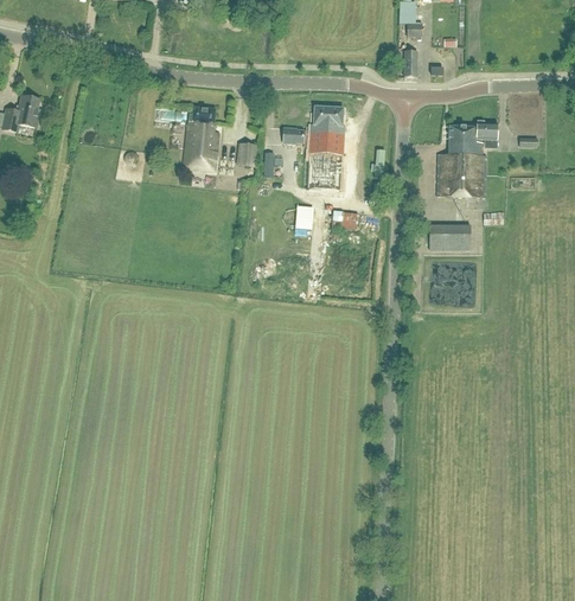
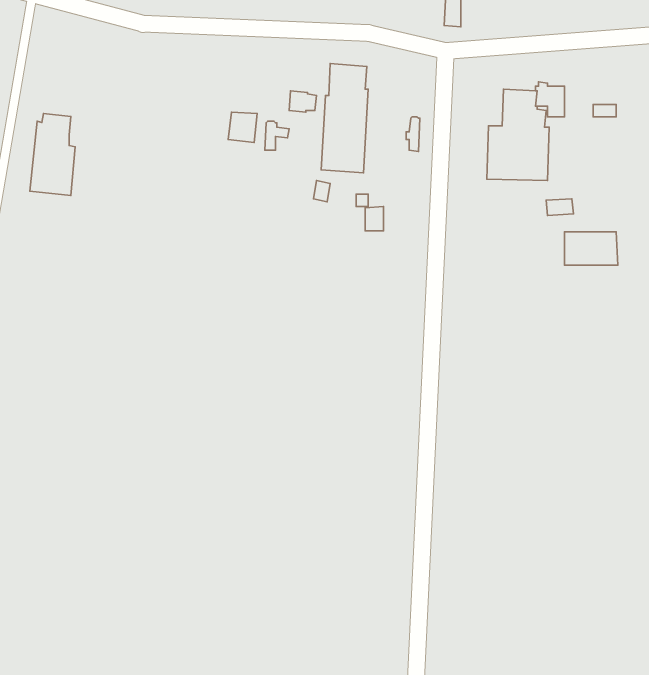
building: [183,107,218,171] -> [30,114,75,196]
building: [429,224,471,250] -> [564,232,618,265]

